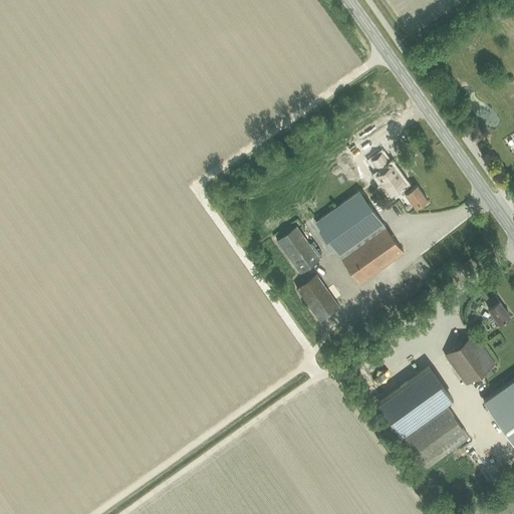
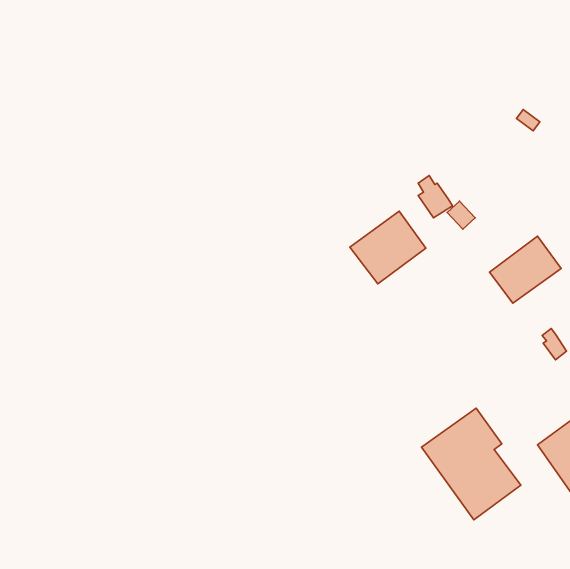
building: [340,225,405,285] -> [490,236,561,303]
building: [276,227,320,274] -> none
building: [296,274,340,322] -> none
building: [446,335,495,386] -> none

